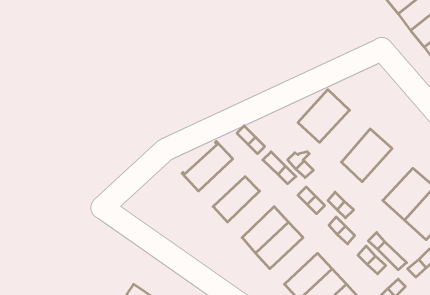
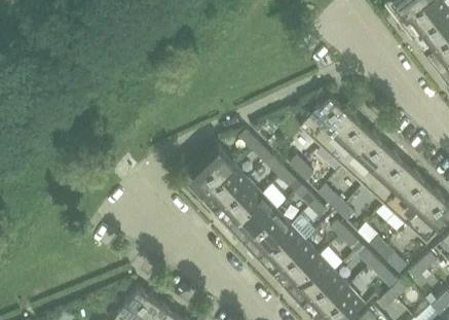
building: none -> [322,113,372,165]
building: none -> [364,151,414,203]
building: none -> [201,162,248,209]
building: none -> [230,193,276,240]
building: none -> [272,240,320,286]

